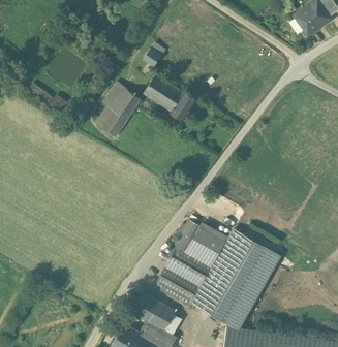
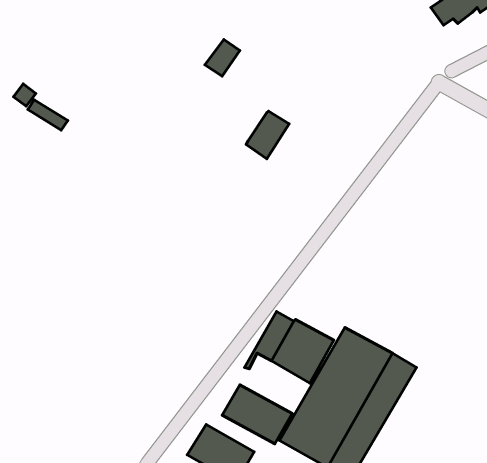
building: [144,73,183,109] -> none
building: [97,82,142,135] -> none
building: [165,247,211,287] -> none

